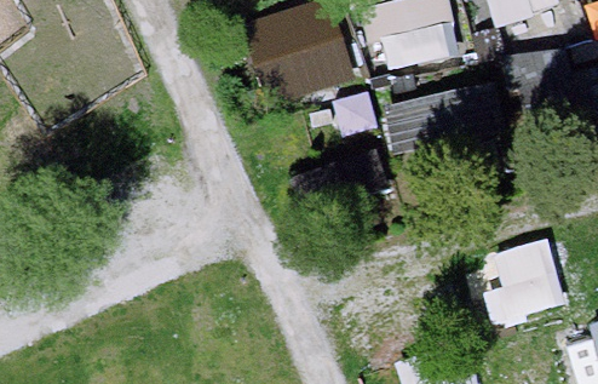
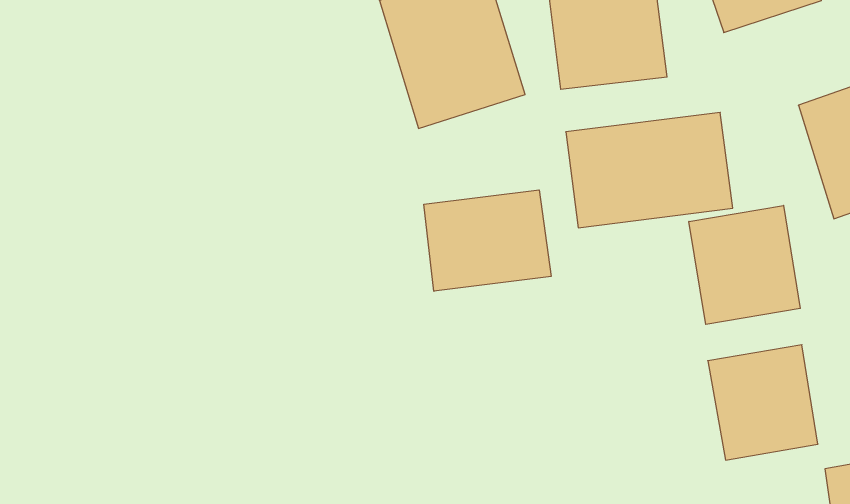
building: none -> [424,190,551,291]
building: none -> [689,205,800,324]

